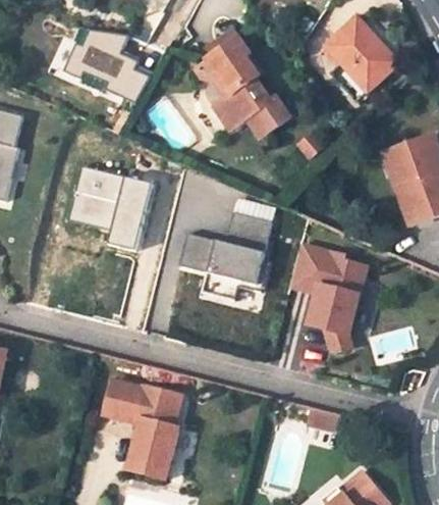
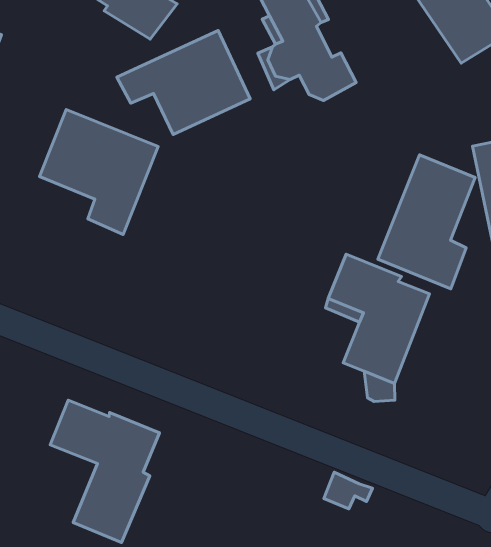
building: none -> [117,30,250,135]
building: none -> [378,155,475,289]
building: [179,210,271,299] -> none

